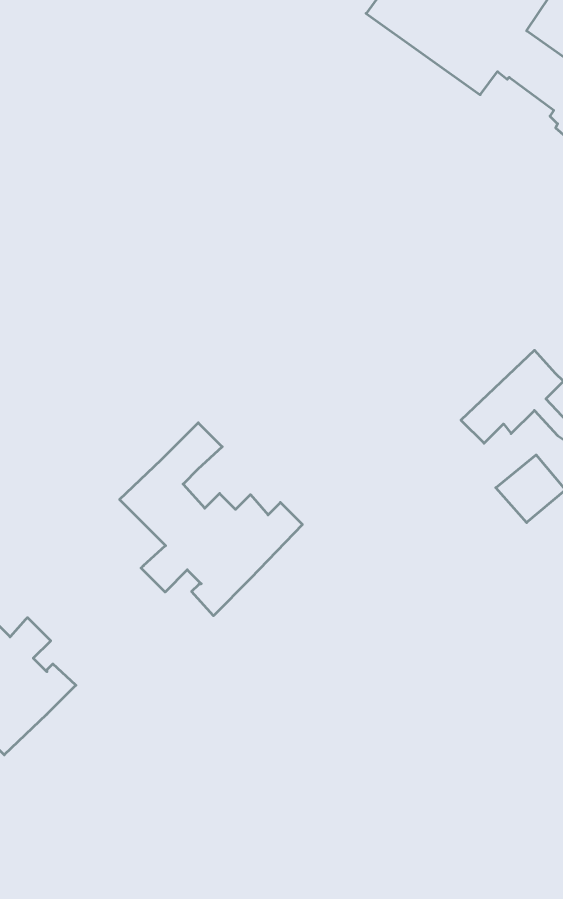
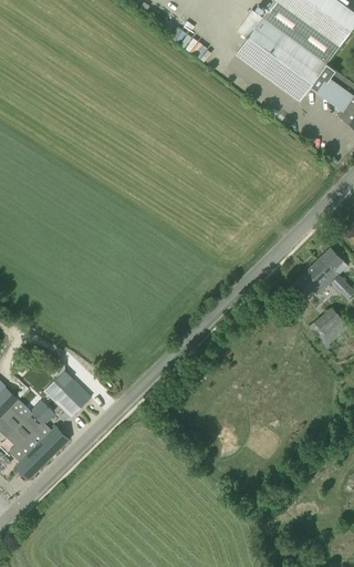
building: [120,423,302,616] -> none
building: none -> [44,370,90,416]

